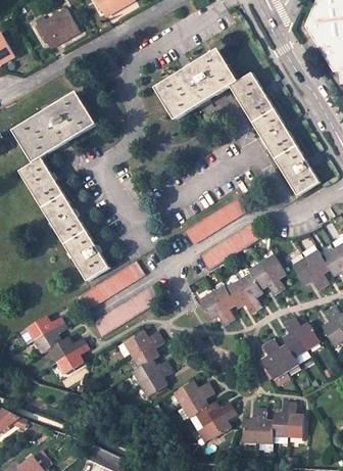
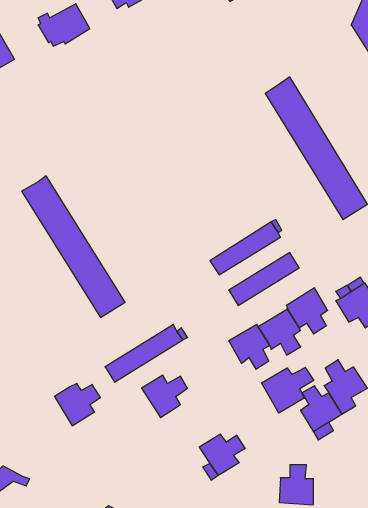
building: [155,48,239,120] -> none
building: [13,91,97,162] -> none
building: [76,261,143,311] -> none
building: [26,316,66,352] -> none
building: none -> [262,367,314,413]
building: [133,360,172,395] -> none
building: [273,402,303,436] -> none
building: [195,403,235,439] -> none

